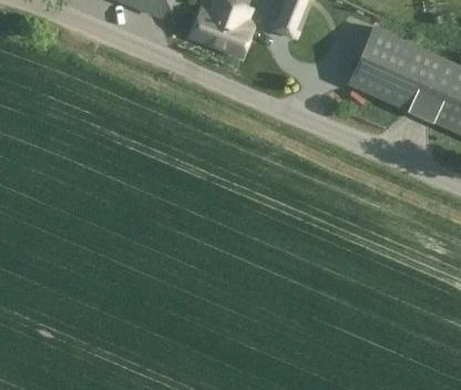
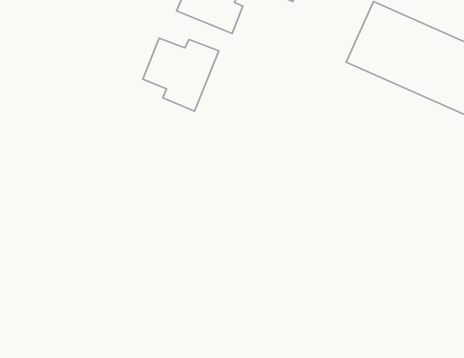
building: none -> [143,38,219,111]

